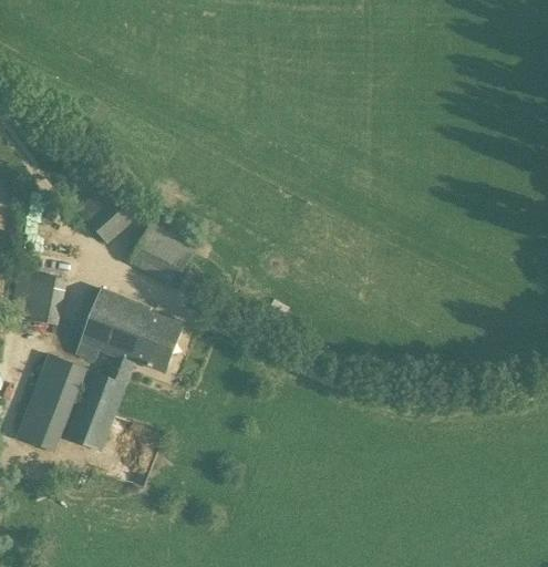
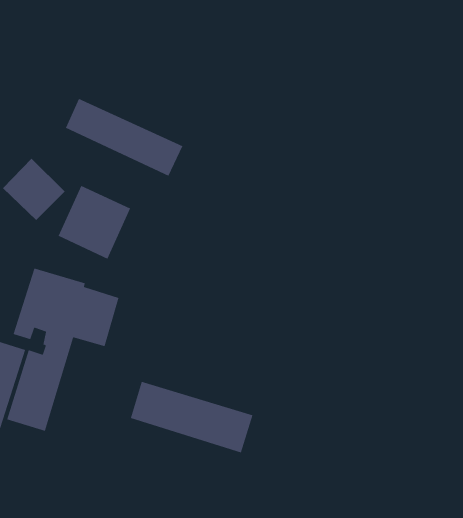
building: none -> [65,98,184,177]
building: none -> [130,381,254,453]

